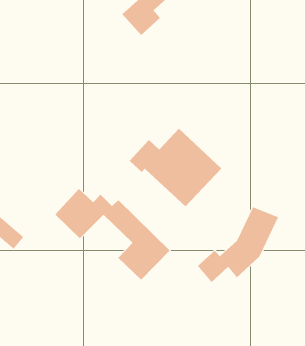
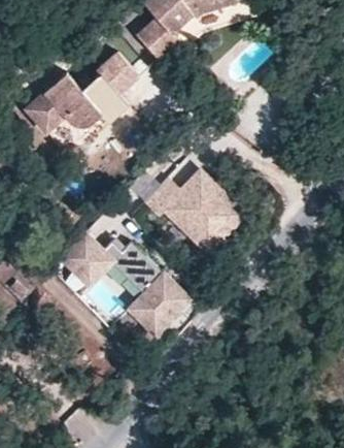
building: none -> [23,53,137,134]
building: [197,207,279,283] -> none

